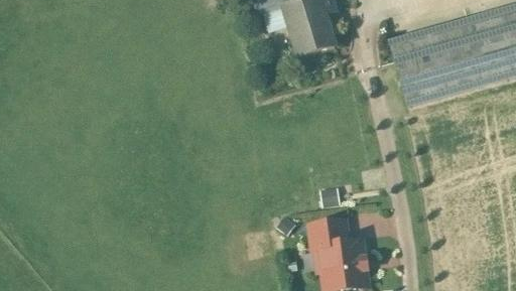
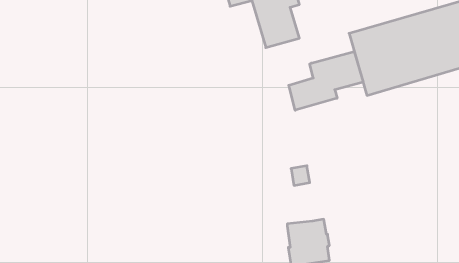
building: none -> [289,51,363,110]
building: [309,220,349,248] -> none

